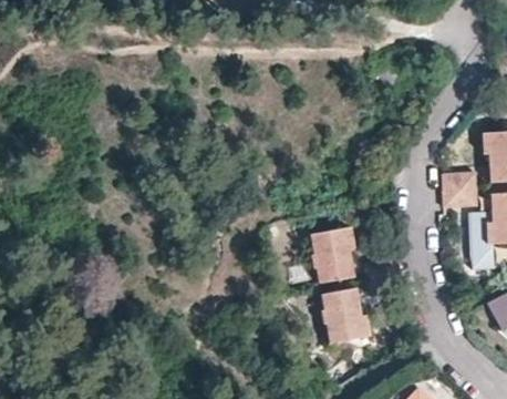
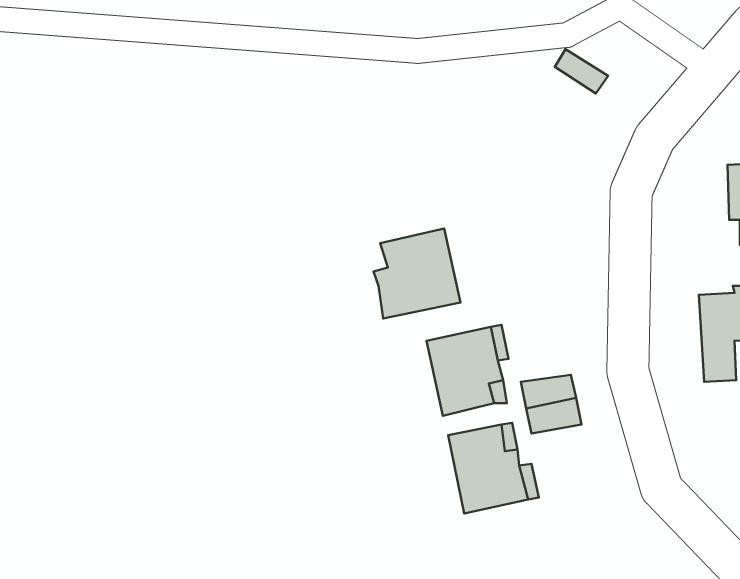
building: [444,168,478,202] -> none
building: none -> [373,229,460,319]

